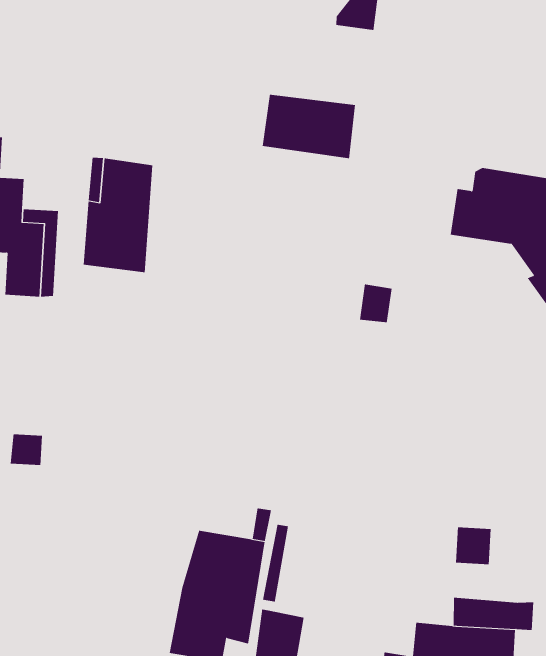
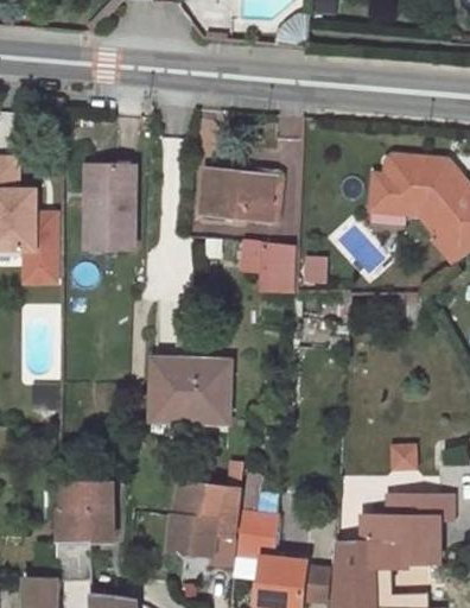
building: [262,94,356,159] -> [201,171,273,218]
building: none -> [258,243,293,292]
building: none -> [153,362,230,425]
building: none -> [58,484,109,542]

